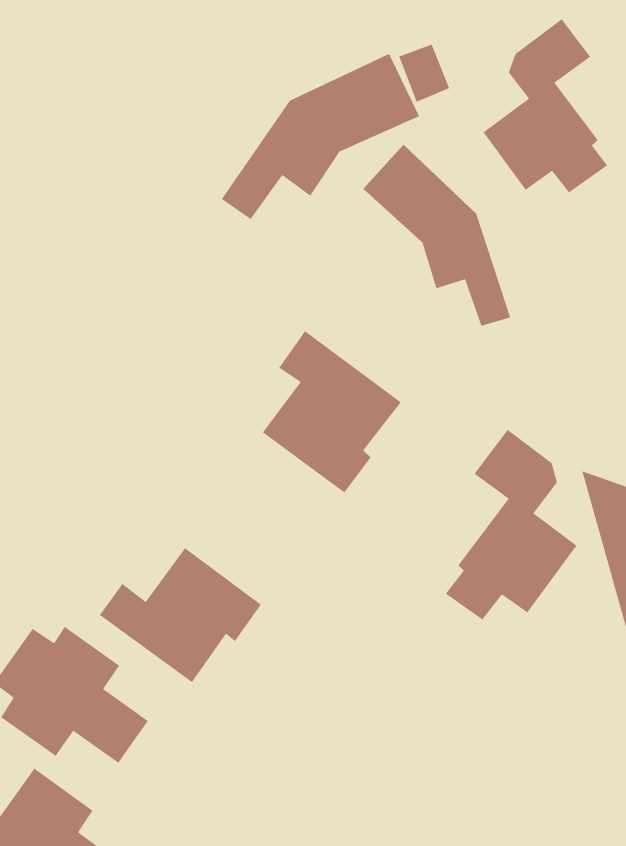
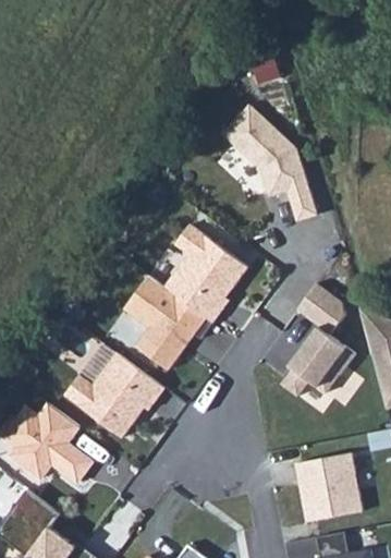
building: [483,18,608,194] -> none
building: [221,53,420,220] -> none
building: none -> [123,275,215,371]
building: none -> [295,453,363,523]

